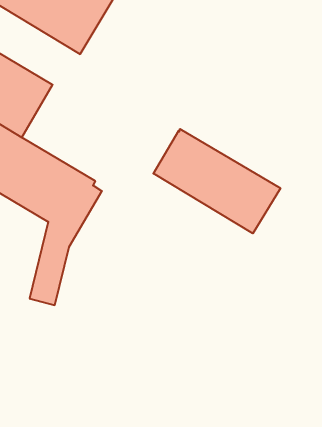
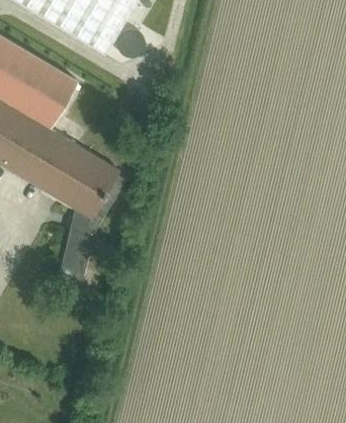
building: [153,129,280,233] -> none

